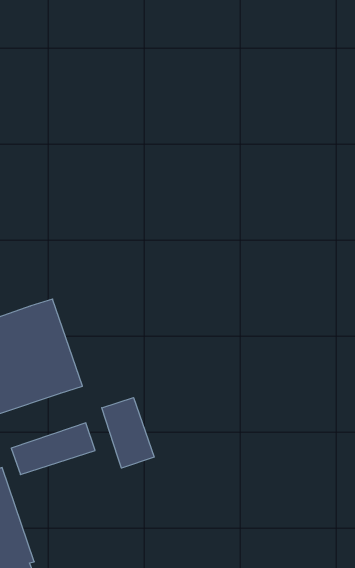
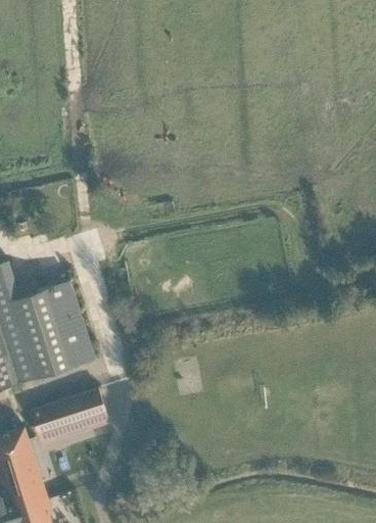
building: [102,398,154,468] -> none

